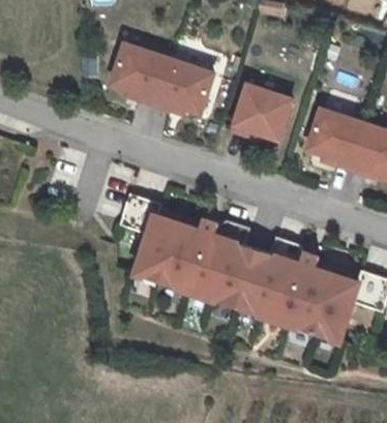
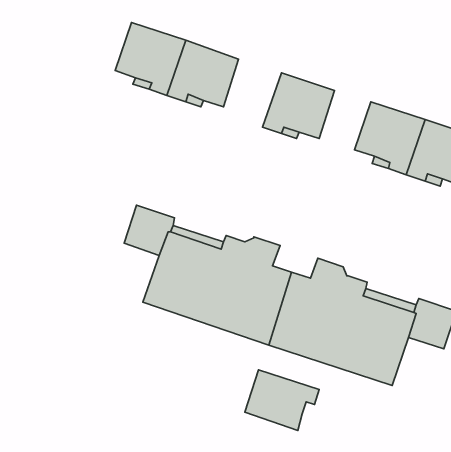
building: none -> [245,370,319,430]

